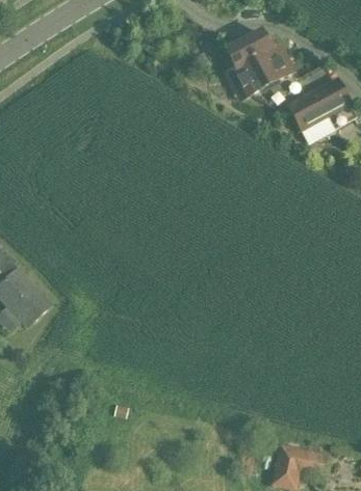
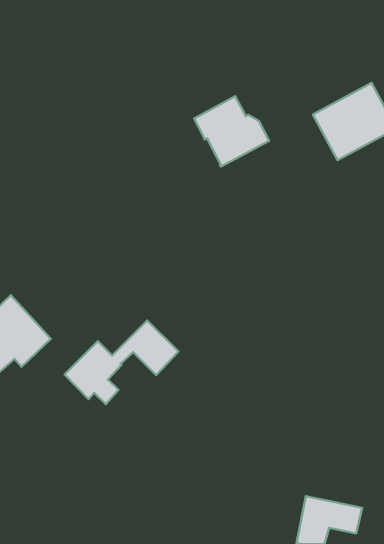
building: [225,30,291,92] -> [194,96,269,167]
building: none -> [65,320,179,404]

